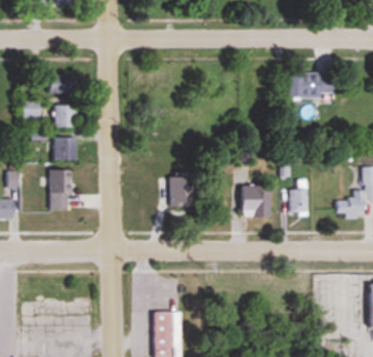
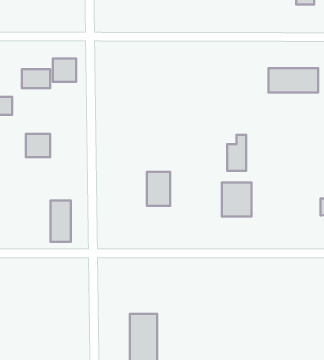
building: [53,105,76,127] -> [53,58,76,82]
building: [50,168,70,208] -> [51,200,71,242]
building: [289,180,307,214] -> [227,135,246,171]

